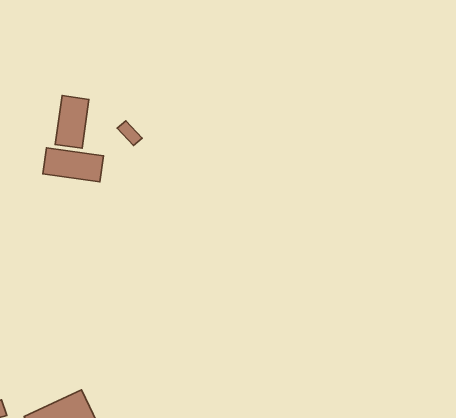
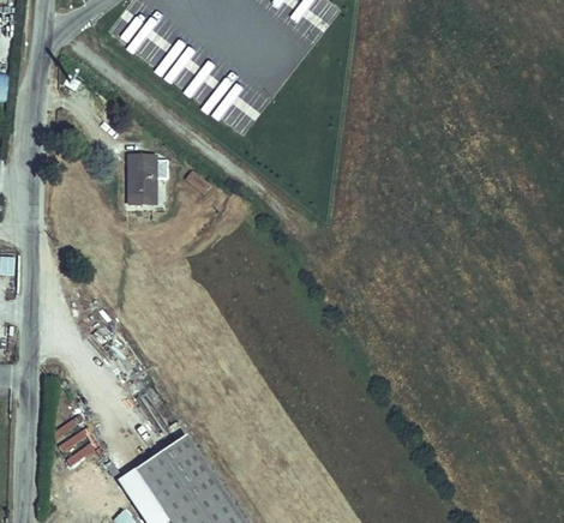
building: [43,148,104,182] -> none

